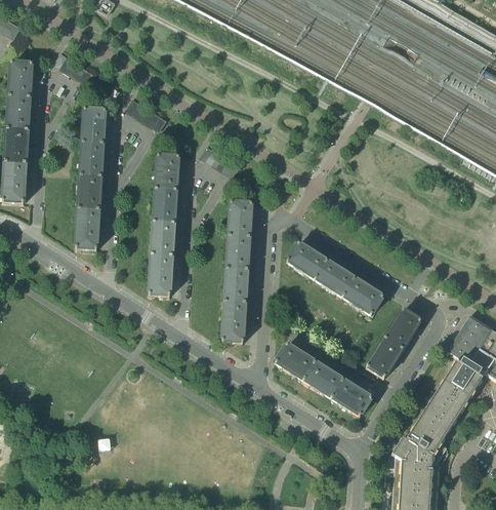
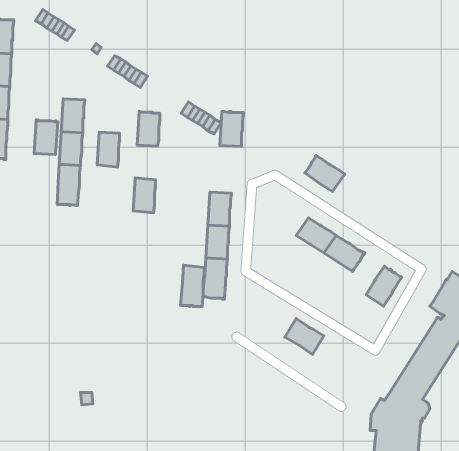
building: [82,107,106,142] -> [34,120,58,155]
building: [154,187,176,222] -> [97,132,120,167]
building: [229,200,252,235] -> [220,112,243,146]
building: [287,241,327,277] -> [305,156,345,191]
building: [149,252,172,293] -> [180,265,204,306]
building: [366,337,402,376] -> none
building: [275,343,315,379] -> none
building: [331,378,371,414] -> none

